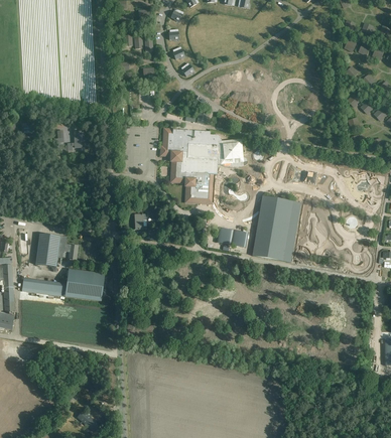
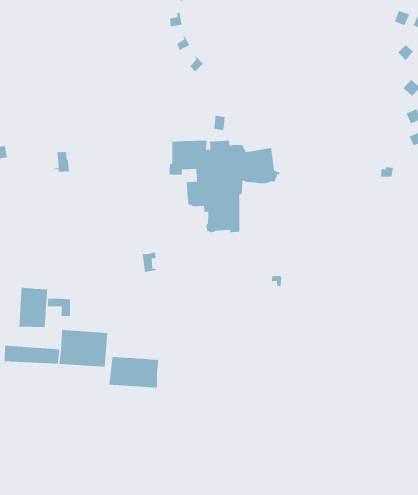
building: [253,196,300,262] -> none
building: none -> [109,356,159,389]

